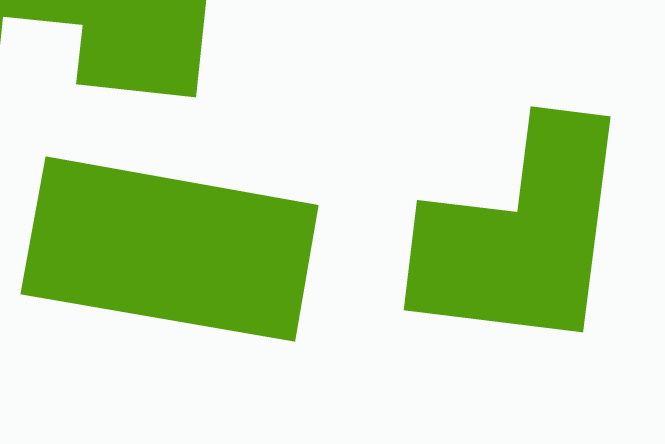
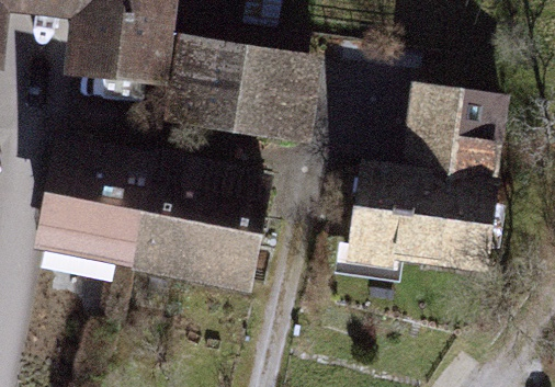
building: none -> [157,34,316,159]

